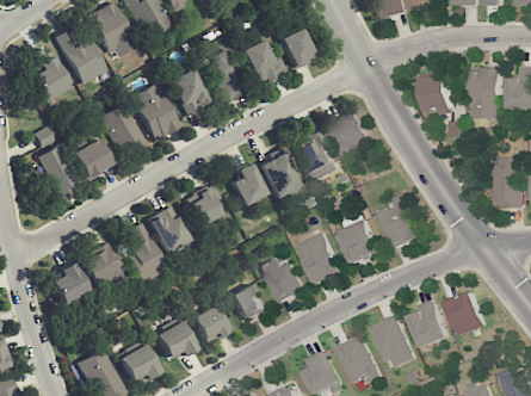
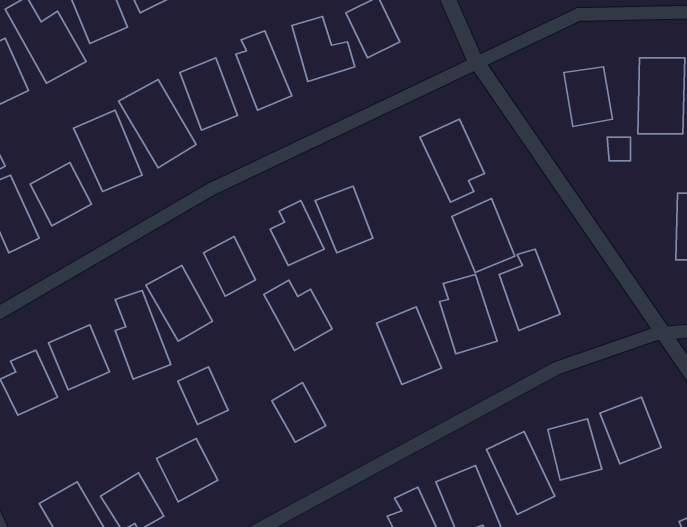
building: [294,131,335,180] -> [452,198,515,272]
building: [258,256,303,303] -> [264,280,332,350]
building: [190,305,223,344] -> [178,367,228,425]

